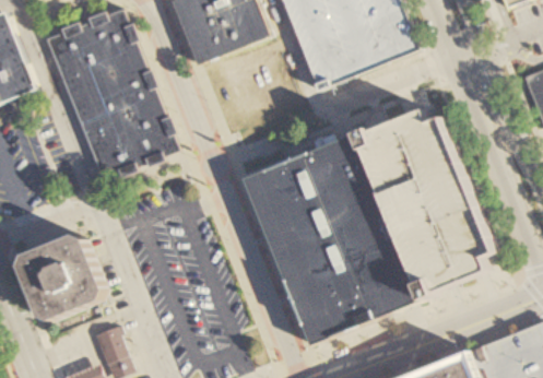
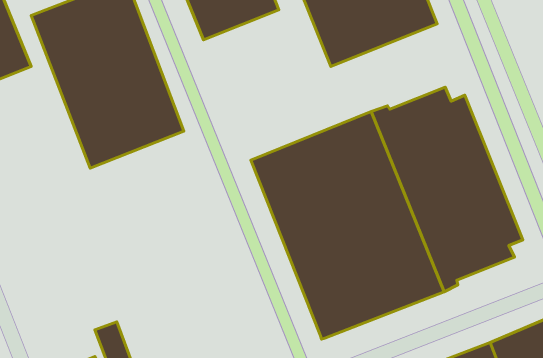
building: [20,235,105,322] -> none

